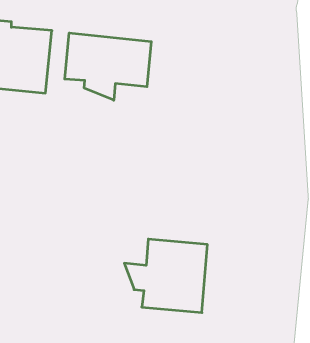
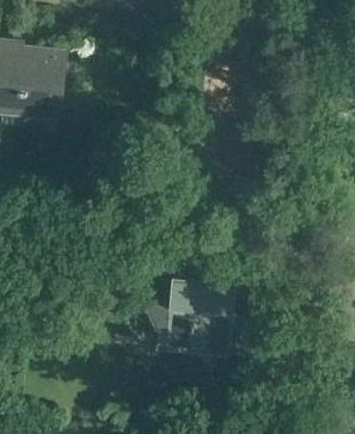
building: [65,33,151,100] -> none

